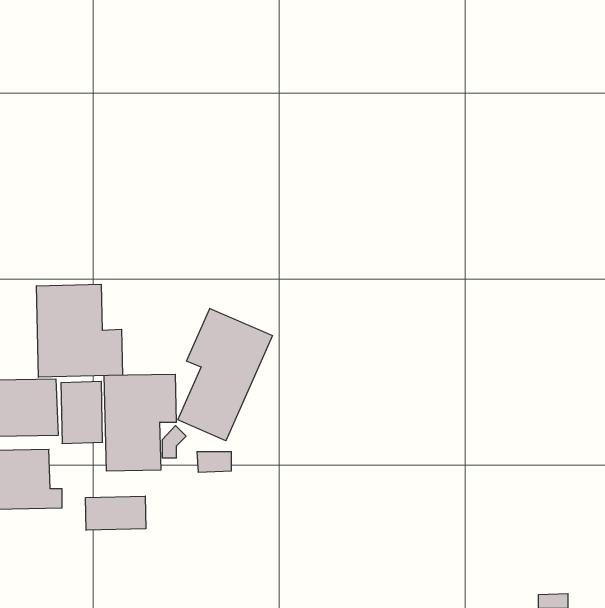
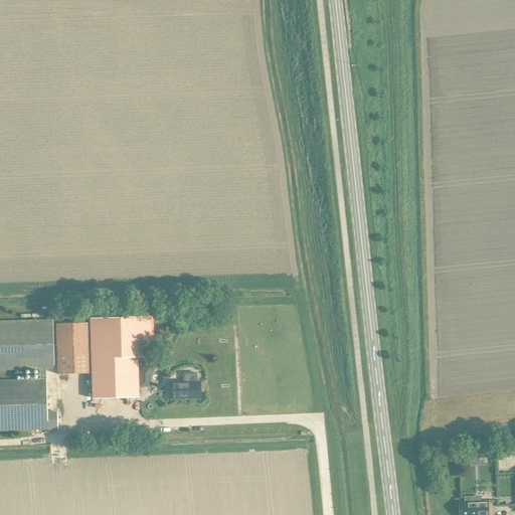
building: [37,284,123,377] -> none
building: [178,308,273,441] -> none
building: [86,496,146,530] -> none

